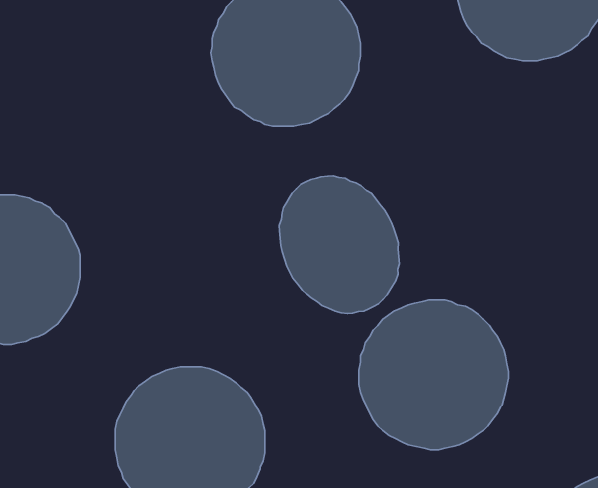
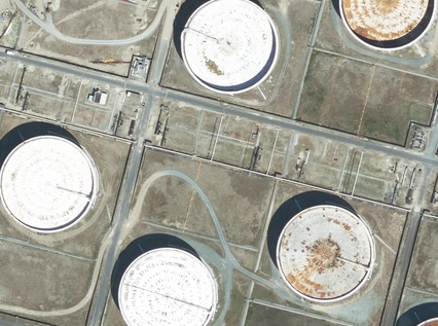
building: [279,176,399,313] -> none

